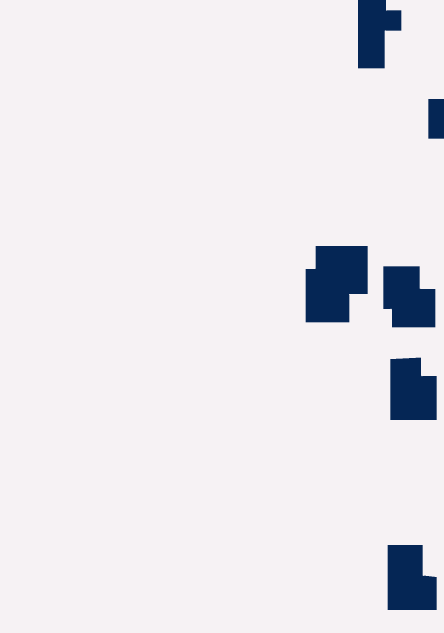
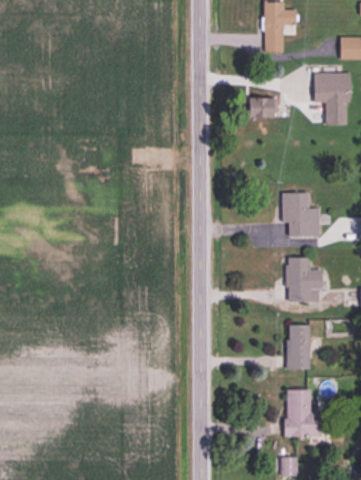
building: none -> [246,97,273,117]
building: [305,245,368,323] -> none
building: none -> [287,325,310,369]

